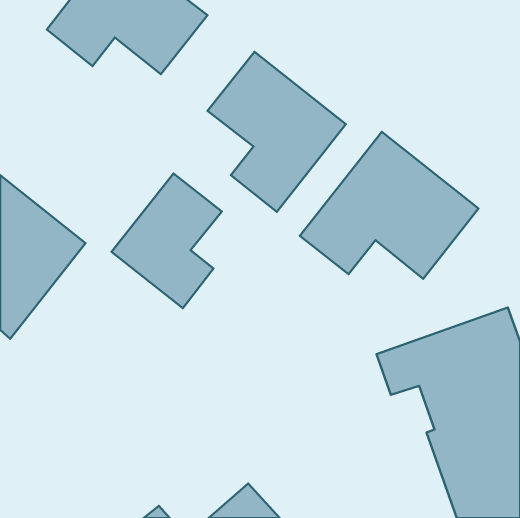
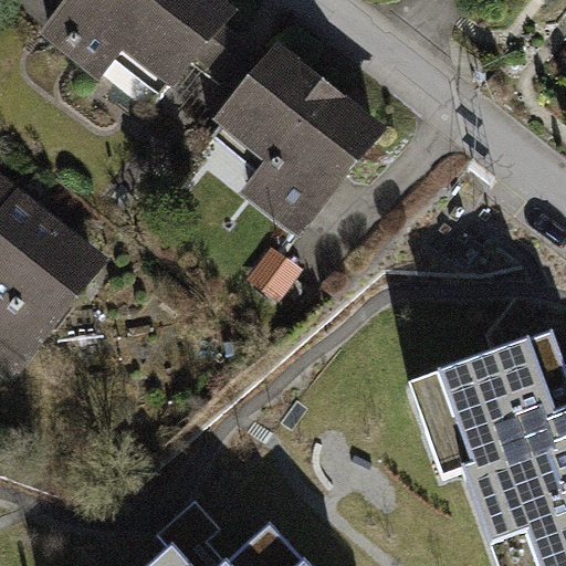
building: [300,132,478,279] -> none
building: [111,173,222,308] -> none

